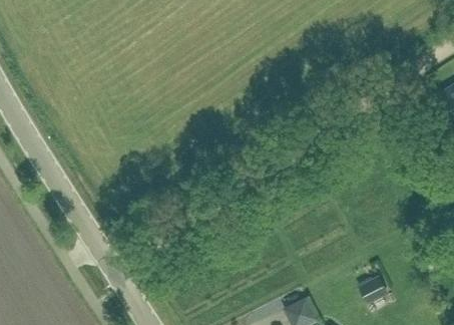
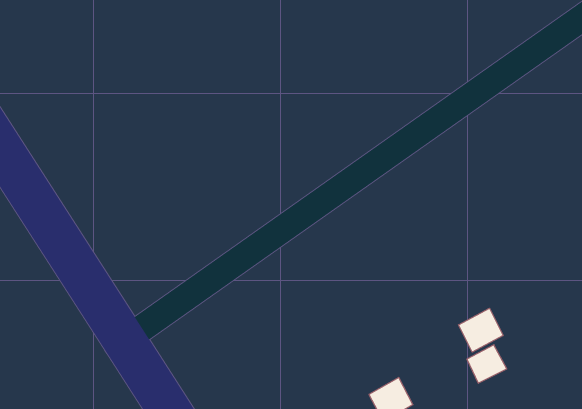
building: none -> [459,308,503,352]

